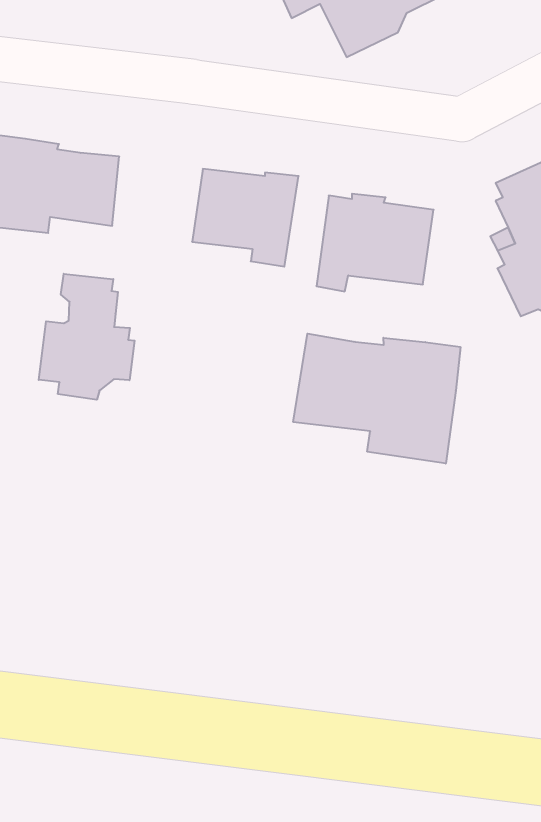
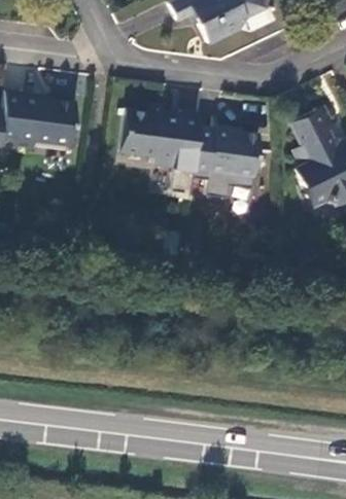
building: [39,274,135,400] -> none
building: [293,334,460,464] -> none

